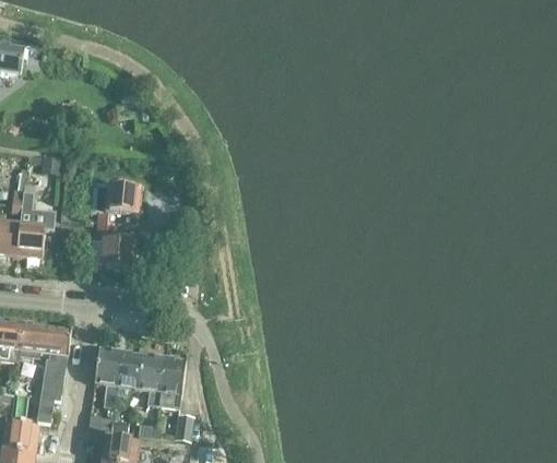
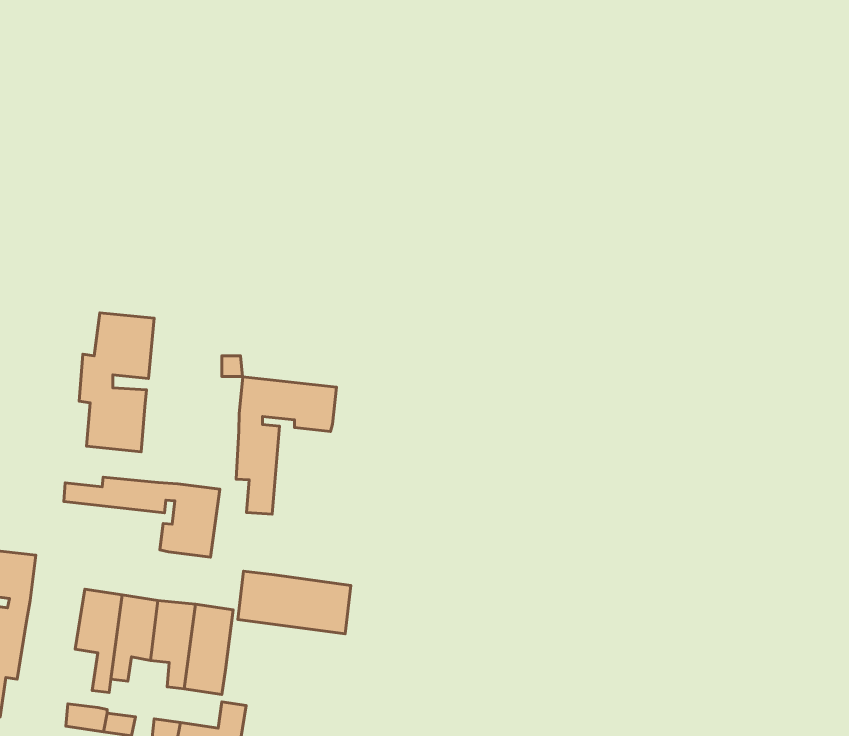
building: none -> [236,377,336,514]
building: none -> [64,477,220,557]
building: none -> [238,571,351,634]

